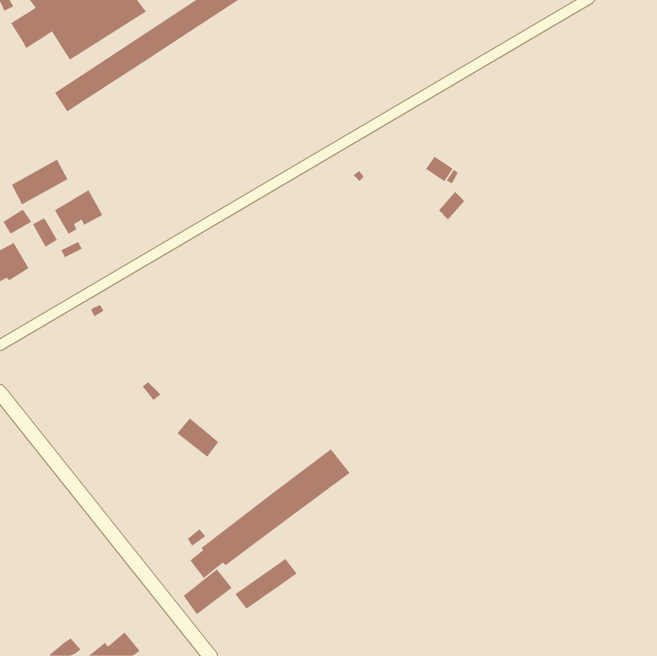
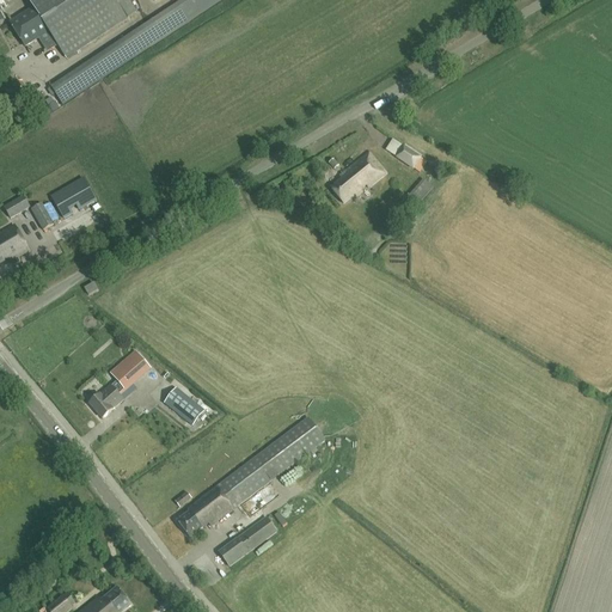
building: [11,159,68,205] -> none
building: none -> [330,151,385,202]
building: none -> [88,371,131,417]
building: [183,568,232,615] -> none

